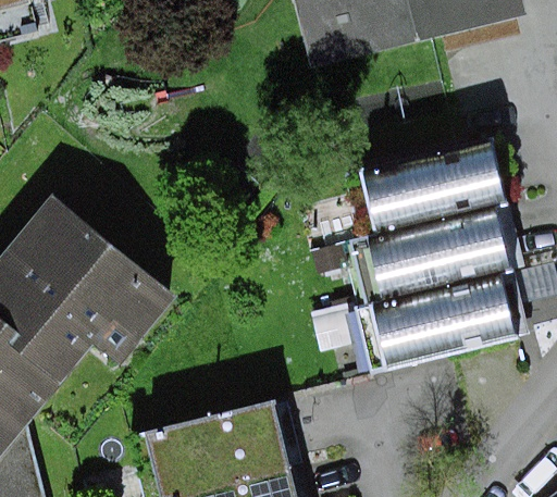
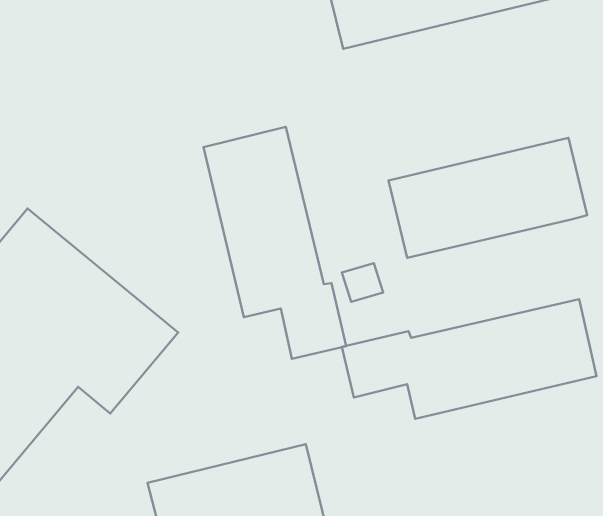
building: none -> [204,127,346,359]
building: [350,208,512,305] -> none

